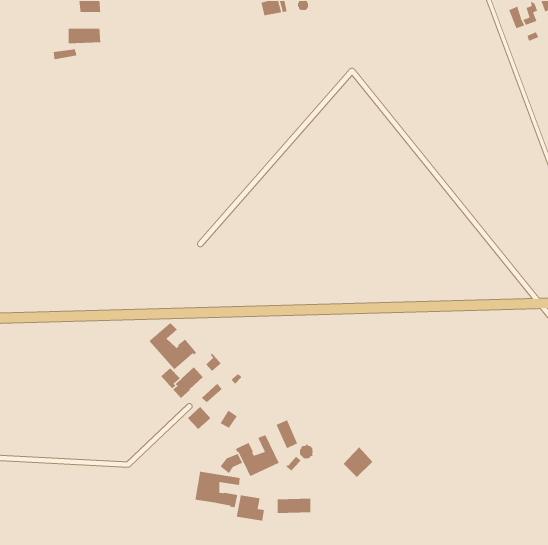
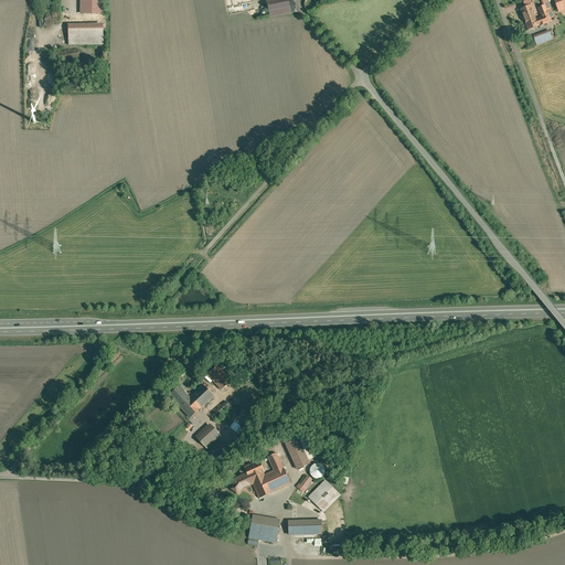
building: [148,322,198,370] -> none
building: [343,447,373,478] -> [307,477,338,509]
building: [195,471,240,508] -> none

